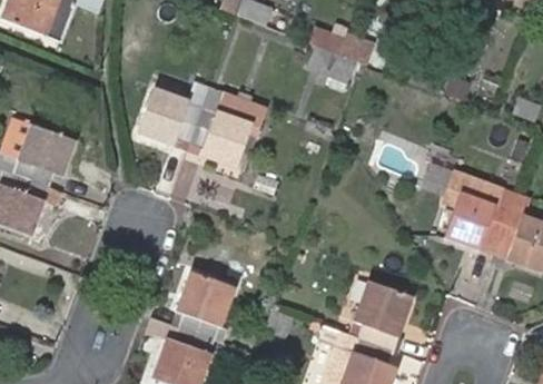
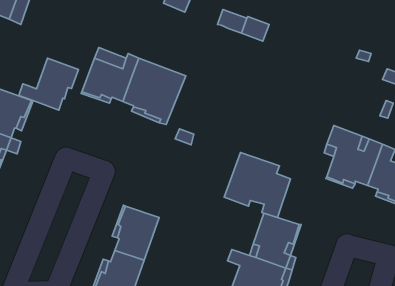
building: [304,45,357,85] -> none
building: none -> [19,58,79,110]
building: none -> [224,153,291,218]

